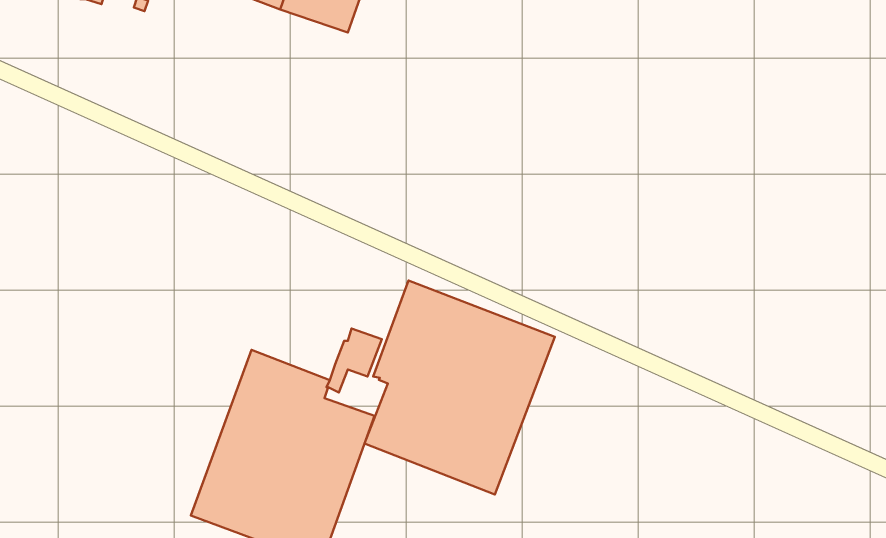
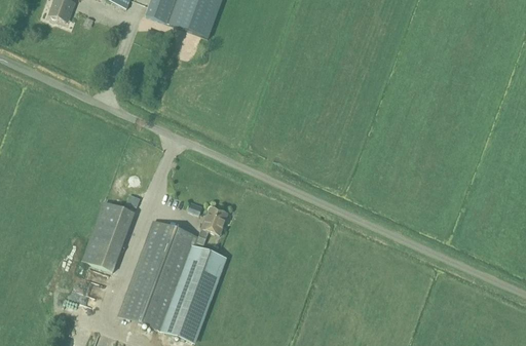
building: [364,281,555,494] -> none
building: none -> [83,200,136,270]

